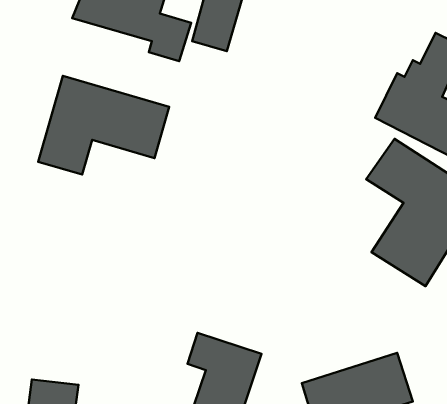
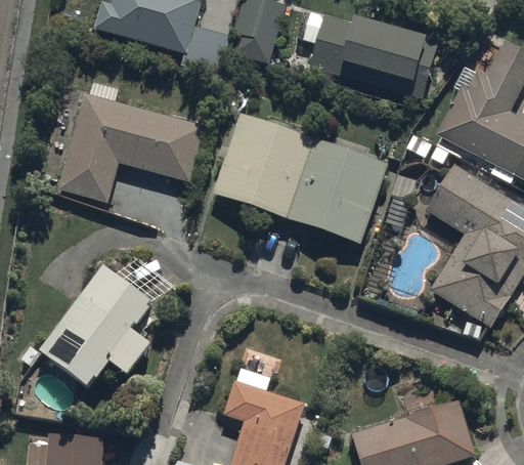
building: none -> [307,11,438,98]
building: none -> [212,113,388,243]
building: none -> [40,265,152,388]

